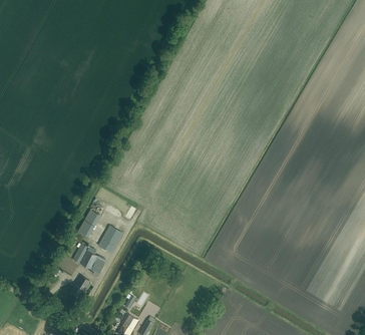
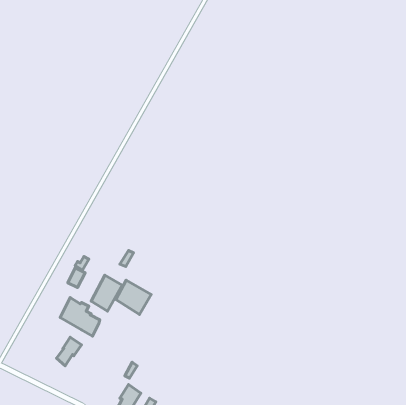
building: none -> [116,280,151,314]

